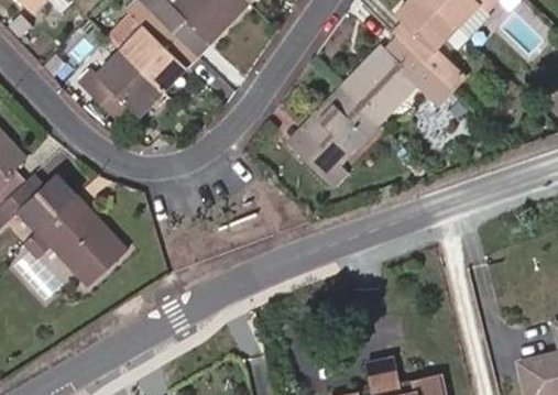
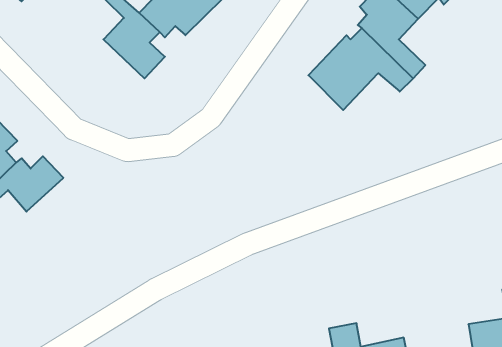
building: [80,50,164,114] -> none
building: [291,88,378,185] -> none
building: [24,198,125,286] -> none

